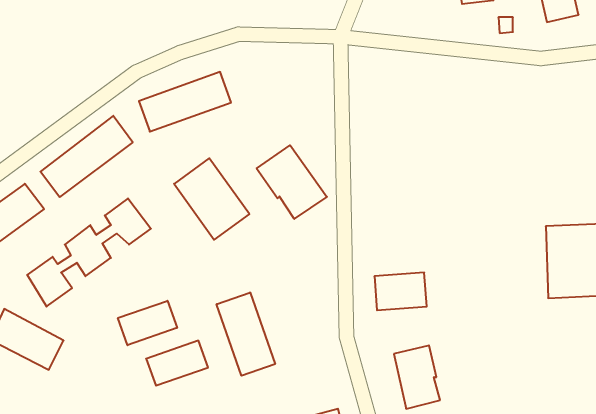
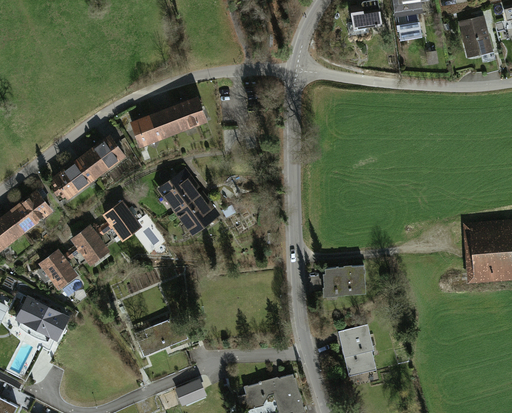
building: [257,145,327,219] -> none
building: [217,292,275,376] -> none
building: [118,301,177,345] -> none

